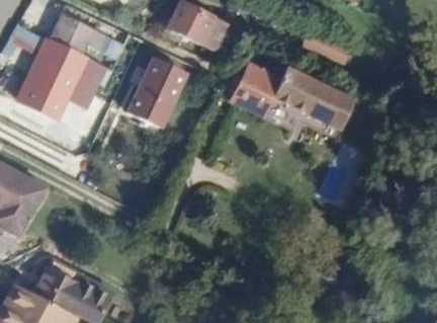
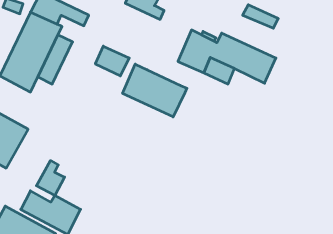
building: [140,59,184,98] -> none
building: none -> [123,64,187,117]
building: none -> [36,161,65,196]

